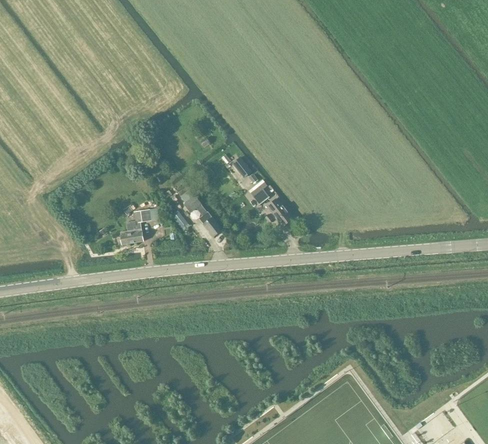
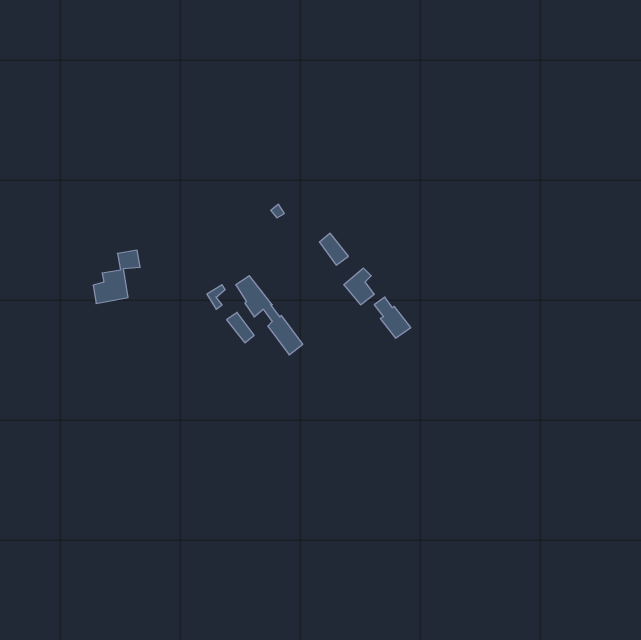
building: [120,211,151,246] -> [93,250,140,304]

